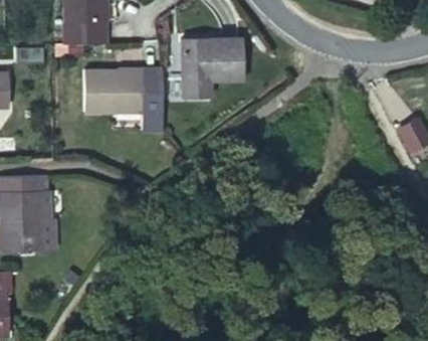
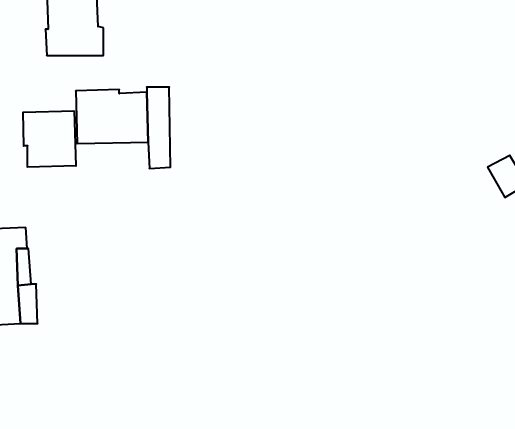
building: [182,38,242,97] -> none
building: none -> [23,111,76,167]

